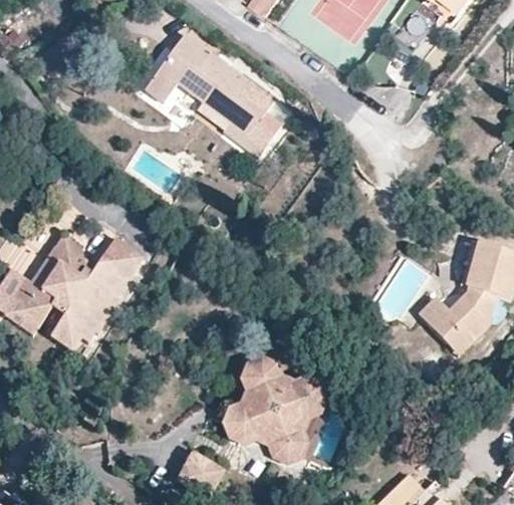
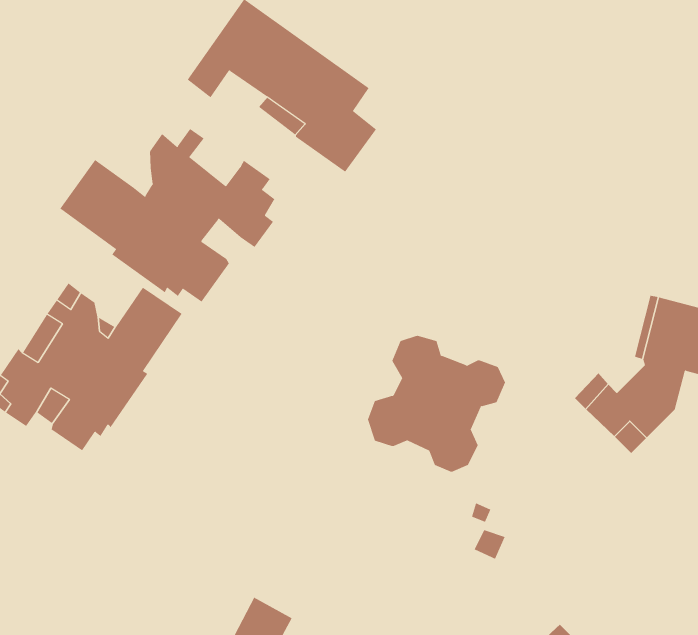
building: none -> [59,128,275,302]
building: [227,362,324,459] -> [367,335,506,472]

